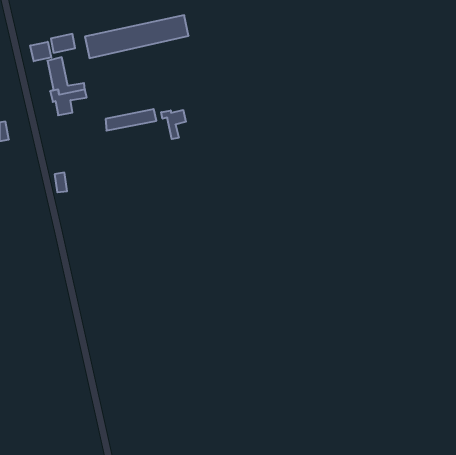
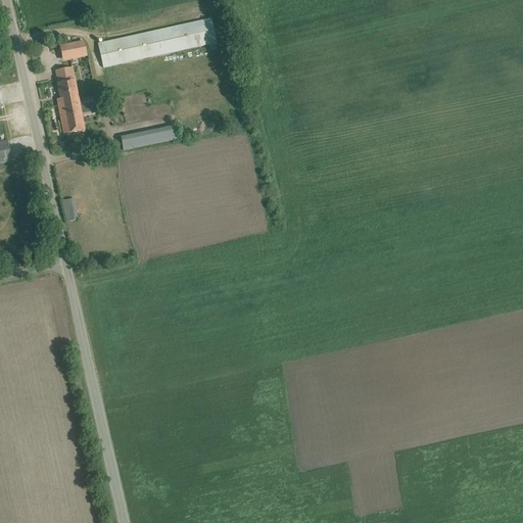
building: [30,42,51,61] -> none
building: [161,110,186,139] -> none

